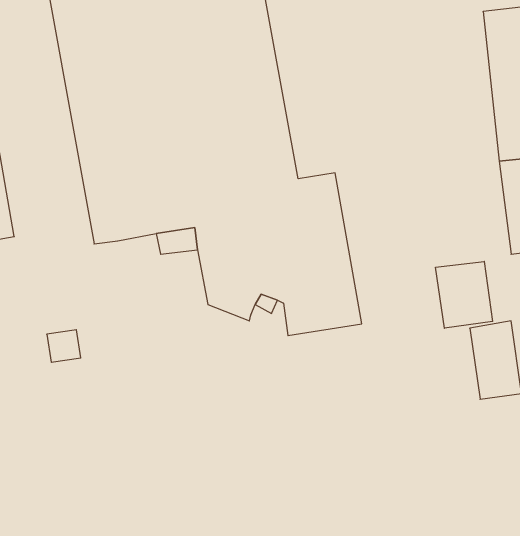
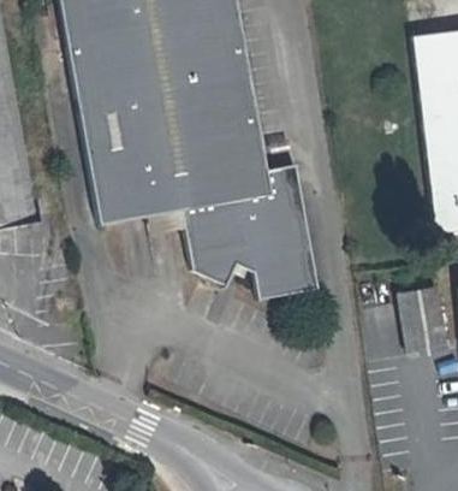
building: [436,261,493,328] -> none

